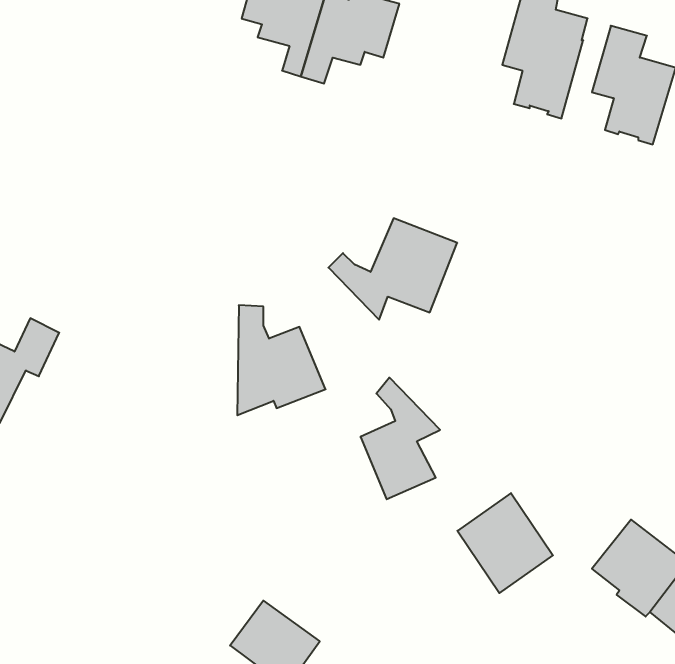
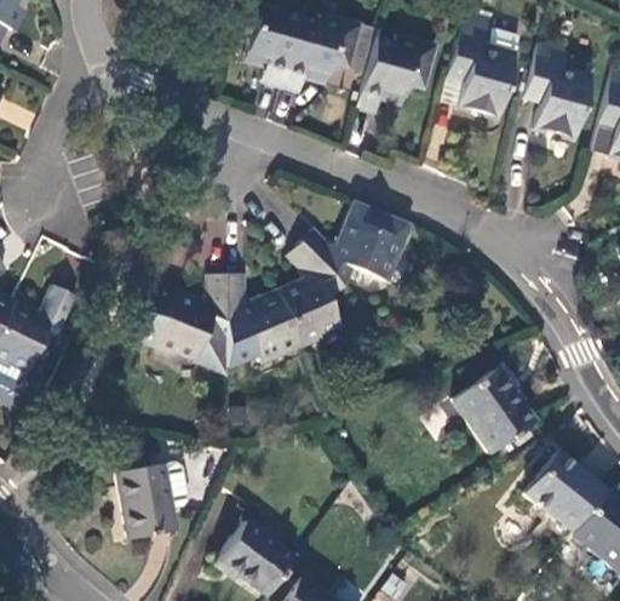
building: none -> [356,34,437,111]
building: none -> [136,275,228,373]
building: [360,378,440,499] -> [279,244,345,345]
building: [457,493,553,593] -> [453,368,533,452]
building: none -> [115,465,186,539]

